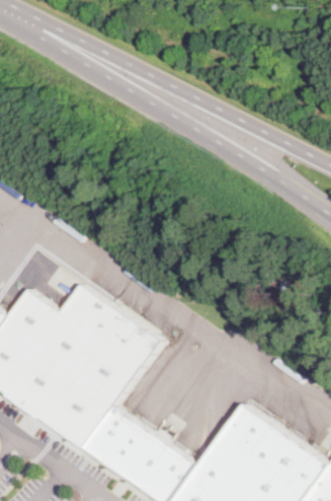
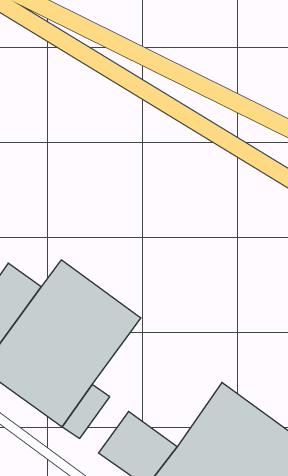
building: [100,418,148,473] -> none

